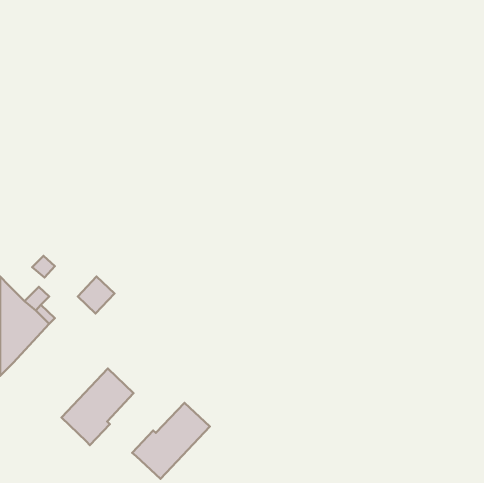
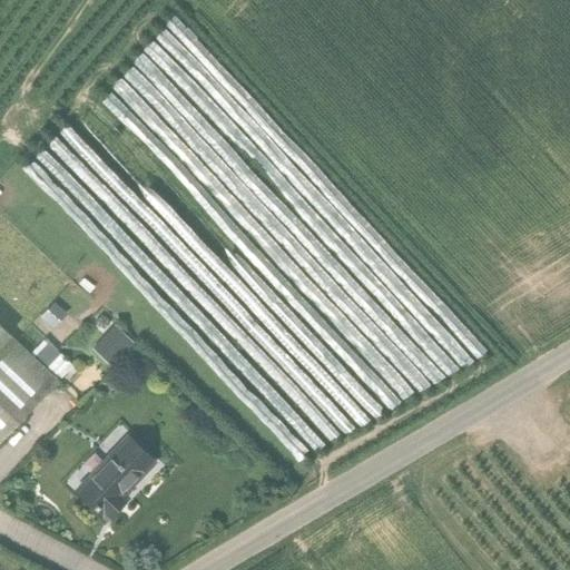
building: [132,403,210,479] -> none

